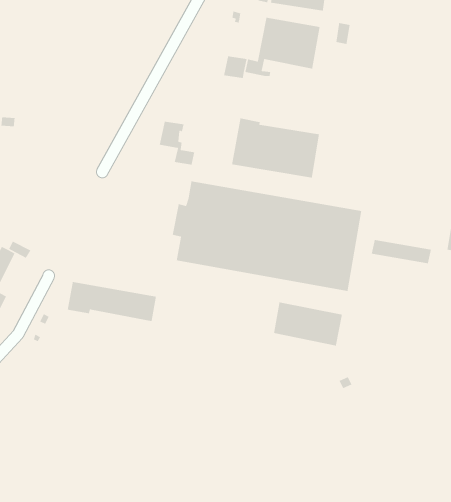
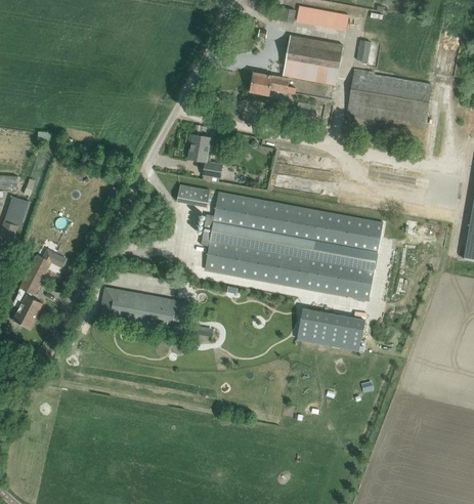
building: [231,118,320,179] -> [347,71,432,129]
building: none -> [177,185,211,207]
building: [371,239,432,264] -> none

